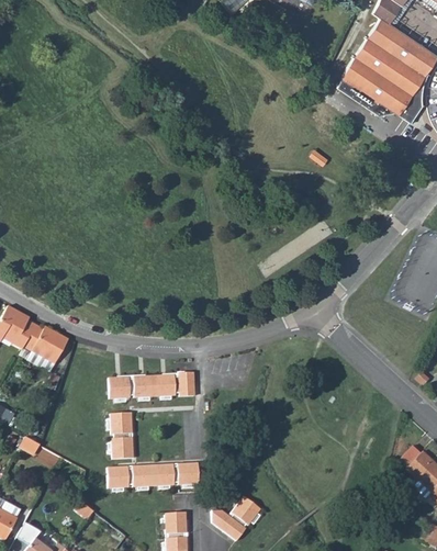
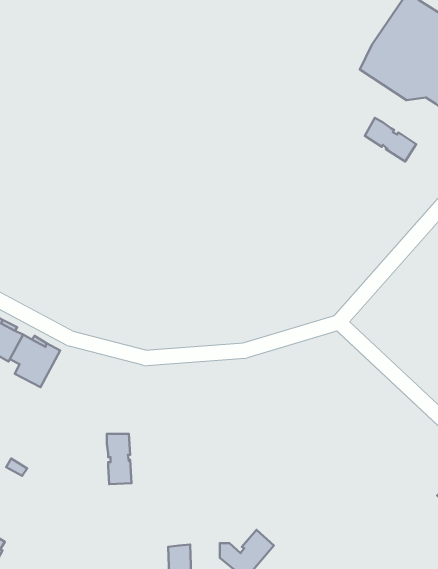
building: none -> [365,118,416,162]
building: [110,371,195,398] -> none
building: [109,462,200,487] -> none

